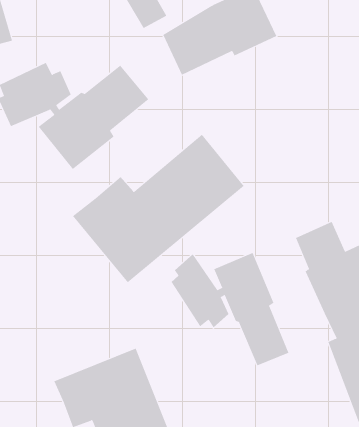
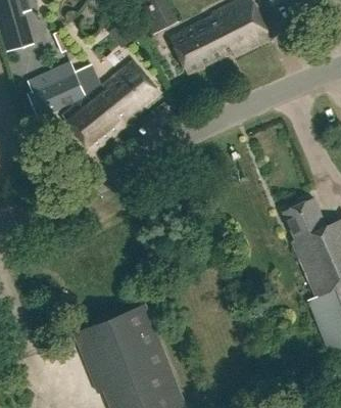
building: [72,134,244,283] -> none
building: [171,252,289,366] -> none

